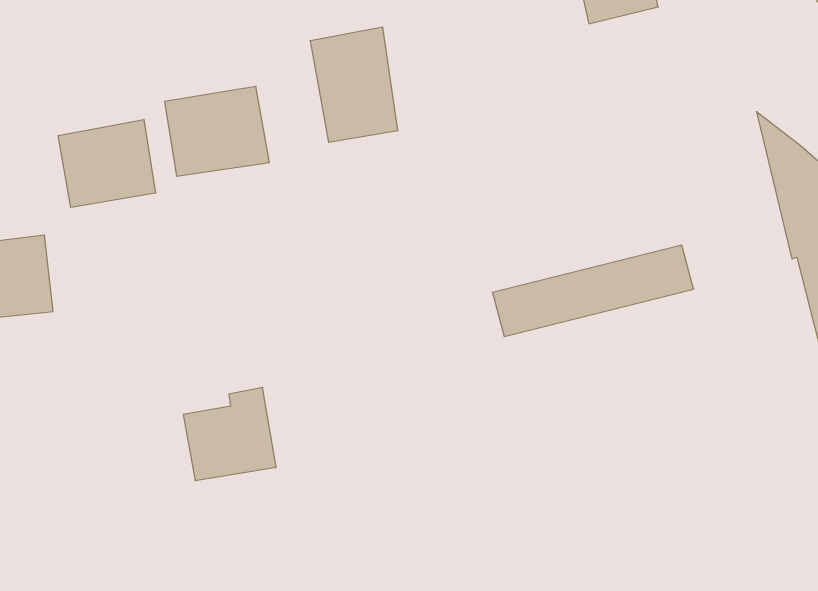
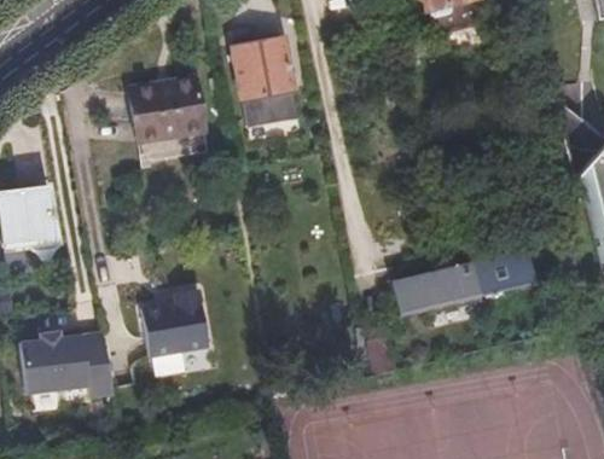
building: [58,119,156,207] -> none
building: [492,245,694,337] -> [393,248,536,313]
building: none -> [22,333,115,400]

